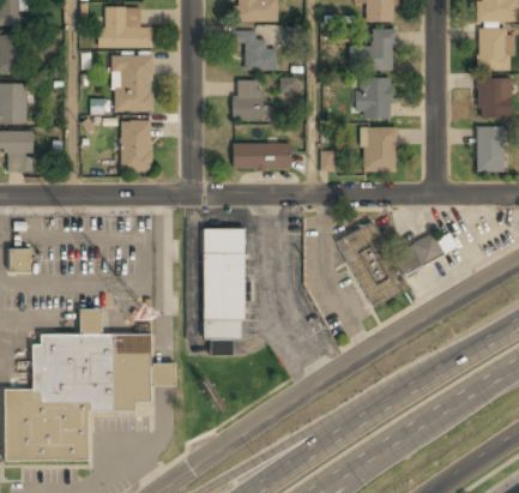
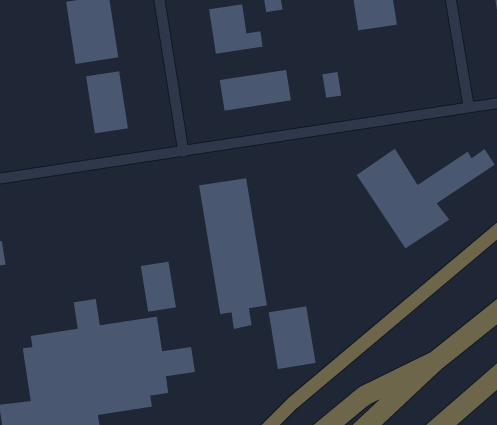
building: [362,127,397,172] -> none
building: none -> [140,261,177,312]
building: none -> [268,306,316,370]

